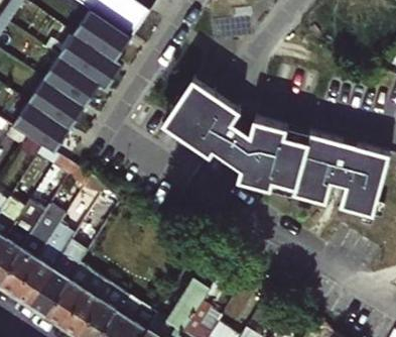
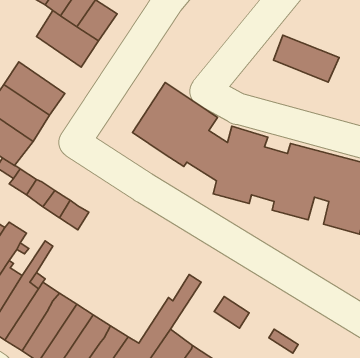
building: none -> [274,35,339,82]
building: [57,35,115,88] -> none

